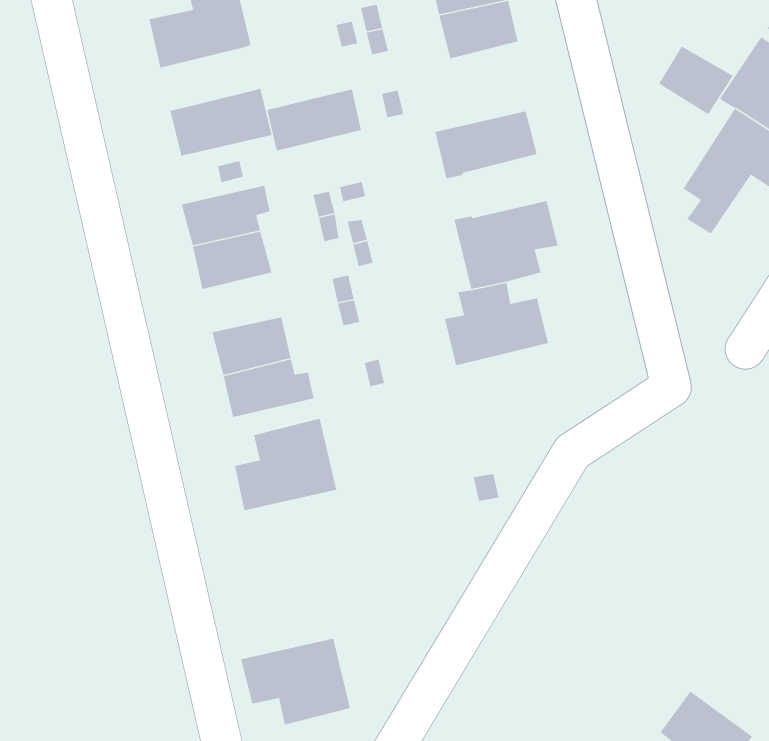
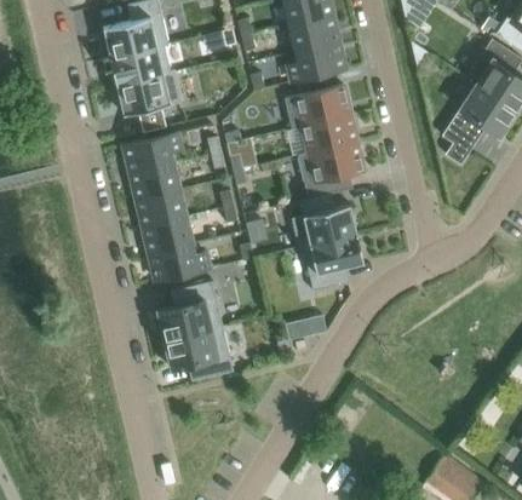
building: none -> [288,41,345,81]
building: [658,45,734,115] -> none
building: [267,89,362,152] -> [110,45,171,85]
building: none -> [303,113,356,153]
building: none -> [137,188,188,225]
building: none -> [298,232,363,291]
building: [240,638,351,726] -> [164,326,234,381]

